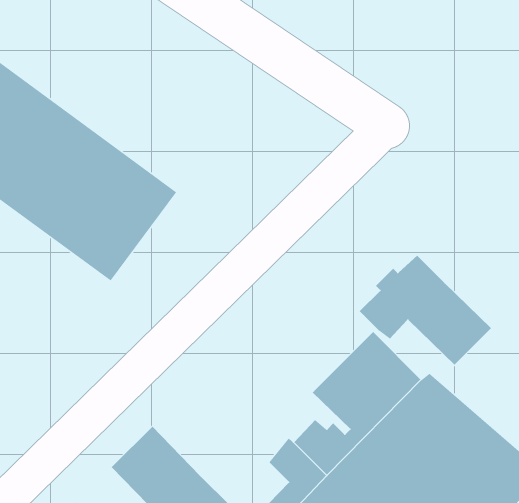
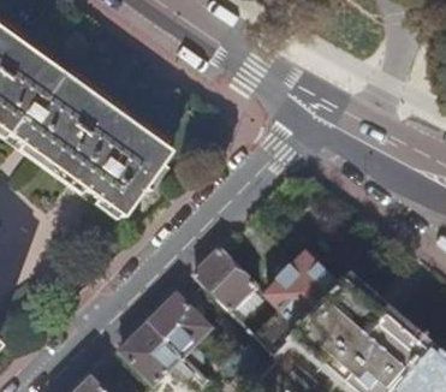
building: [359,255,492,365] -> none
building: none -> [196,247,260,315]
building: none -> [151,290,216,355]

